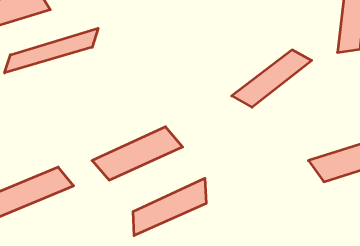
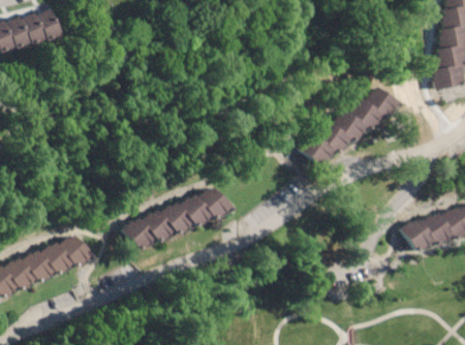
building: [5,28,98,73] -> none
building: [133,178,206,236] -> none

